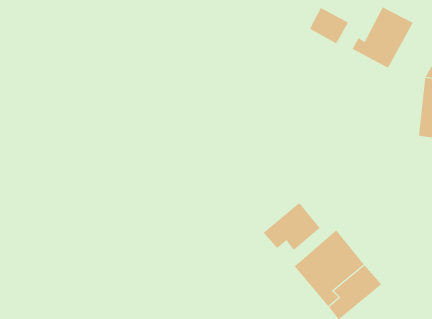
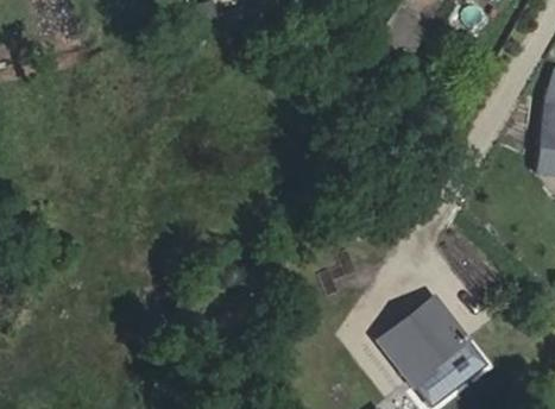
building: [352,7,414,69] -> none
building: [263,202,320,251] -> none

